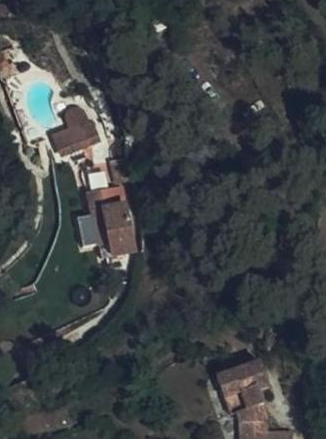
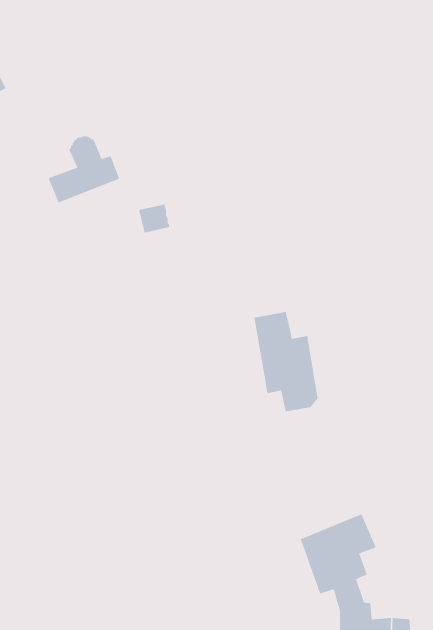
building: [90,187,133,255] -> [253,311,318,412]

